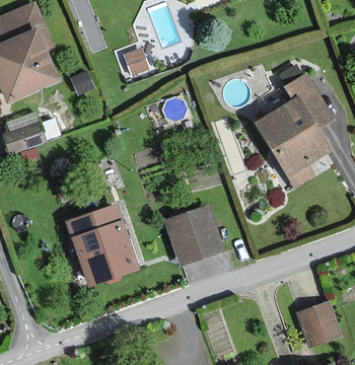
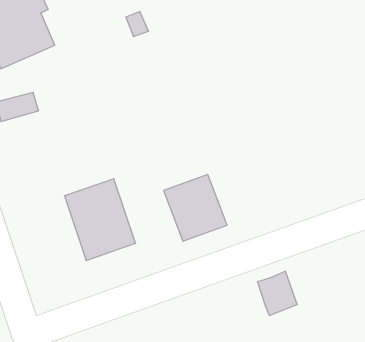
building: [256,80,336,192] -> none
building: [299,305,337,347] -> [257,271,297,315]

